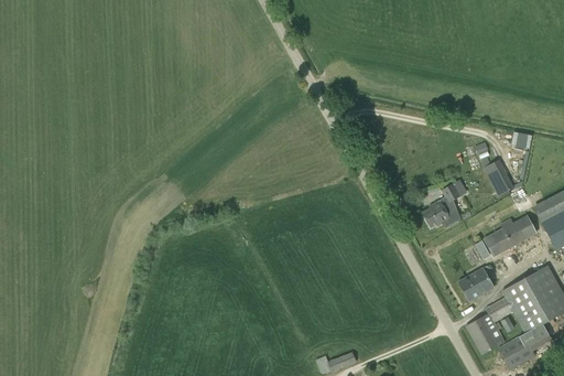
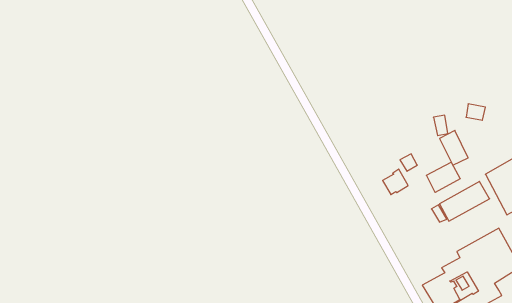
building: none -> [426,162,460,192]
building: [458,266,495,301] -> none

